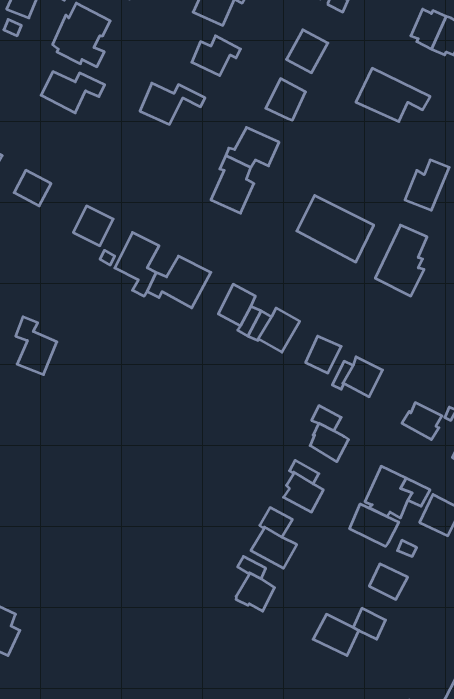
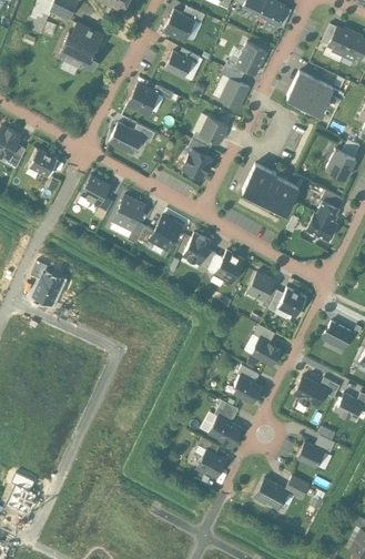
building: [41,72,105,113] -> [107,123,154,154]
building: [350,504,399,546] -> none

